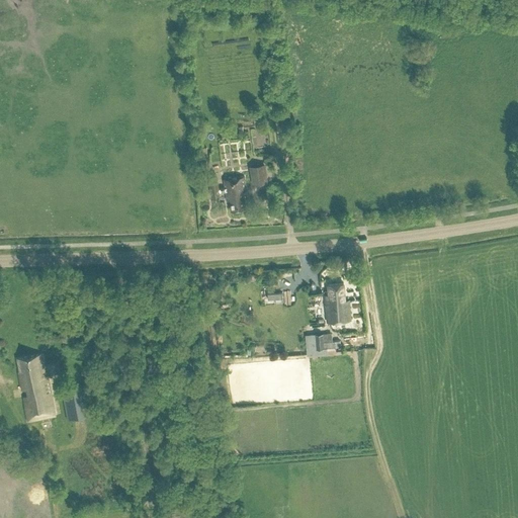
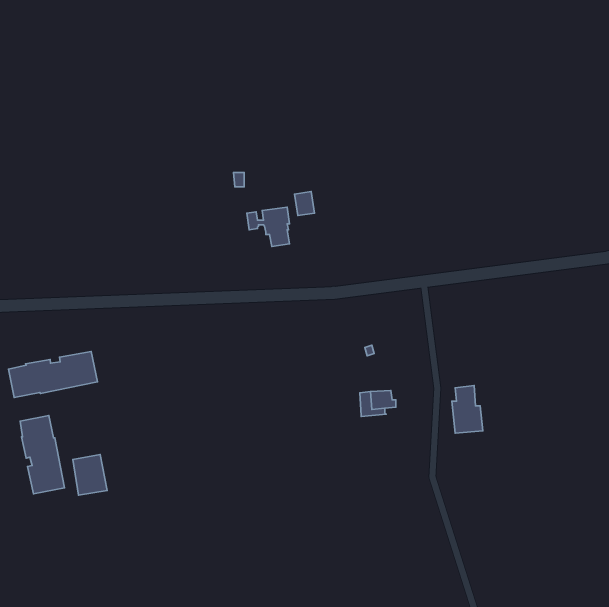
building: [324,283,350,324] -> [452,386,483,433]
building: none -> [9,351,97,397]

